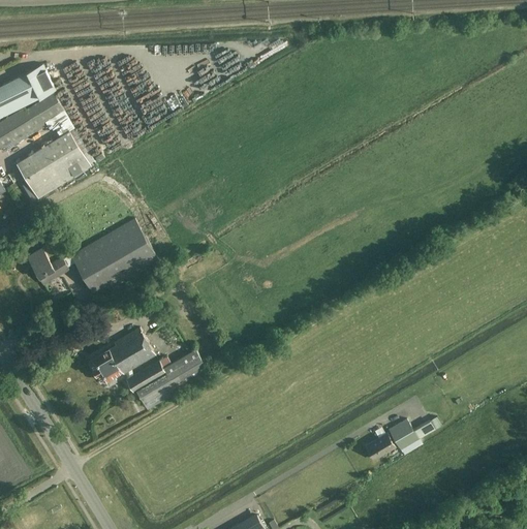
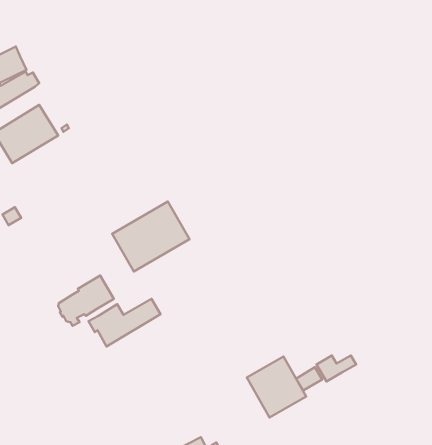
building: [69,218,158,299] -> [112,201,189,272]
building: [33,258,67,285] -> none
building: none -> [247,357,306,417]

